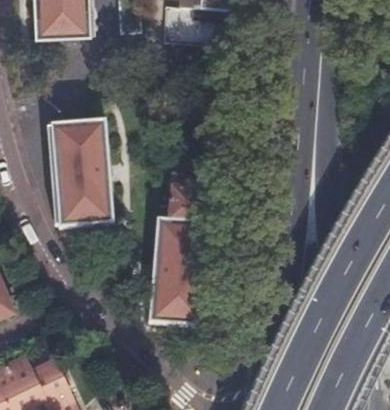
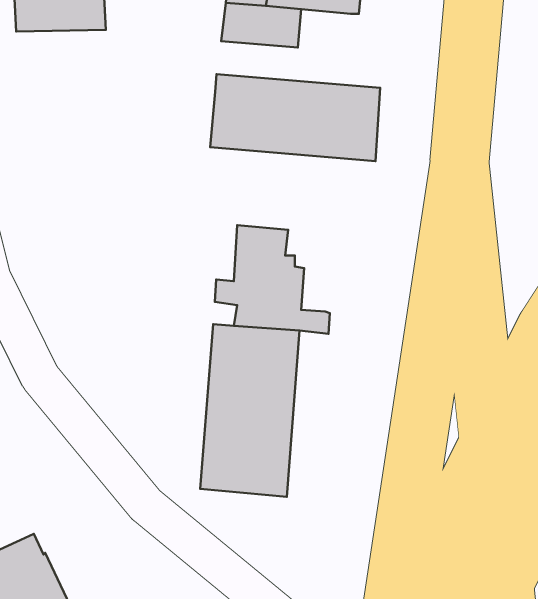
building: none -> [210,74,380,161]
building: [49,119,111,225] -> none

